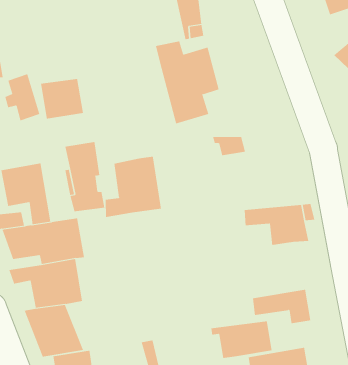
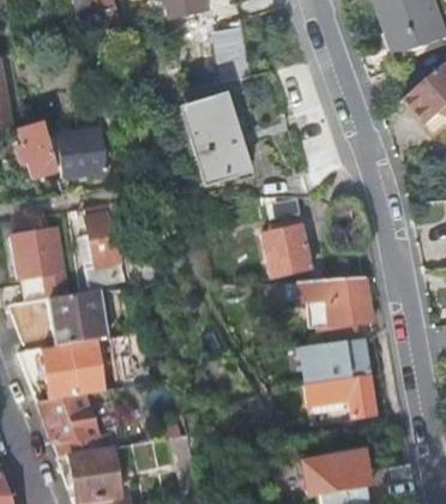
building: [105,156,161,218] -> none
building: none -> [259,223,311,280]
building: [210,321,273,359] -> [295,338,368,383]

